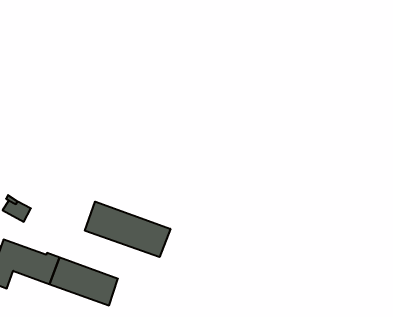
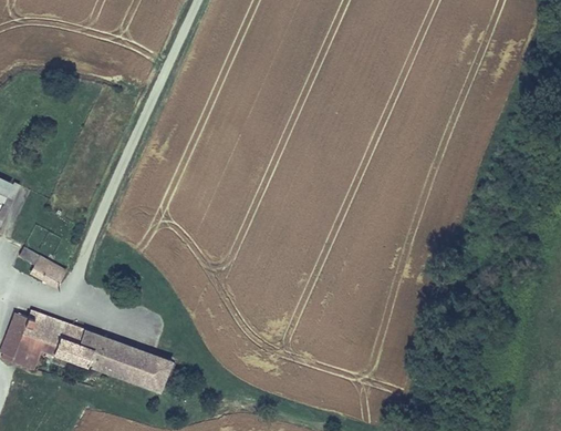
building: [85,202,170,257] -> none

